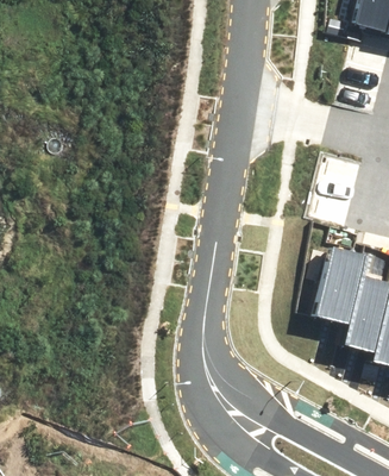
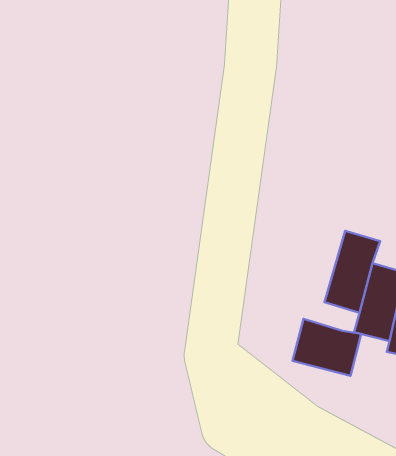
building: none -> [293,319,361,376]

